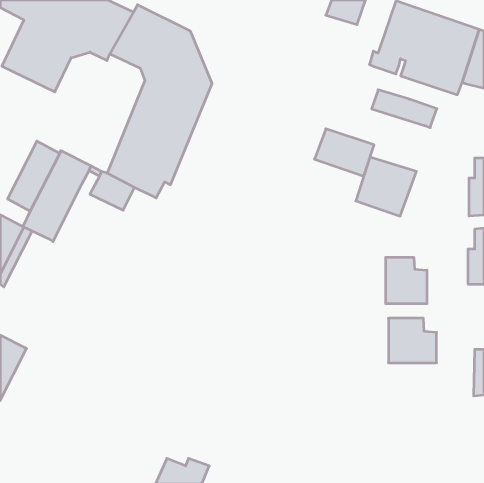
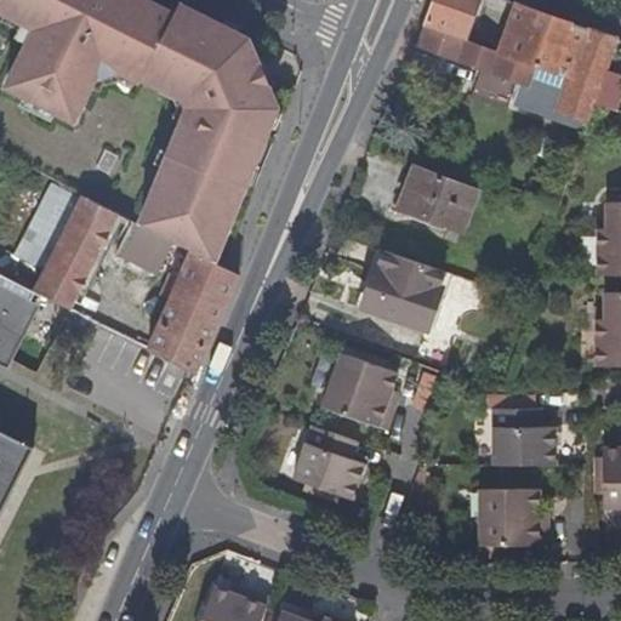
building: [372,90,437,128] -> [409,21,492,69]
building: [356,157,416,216] -> [365,251,443,326]
building: none -> [144,249,237,374]
building: [386,257,427,304] -> none
building: none -> [323,358,398,432]
building: none -> [294,427,364,501]
building: none -> [484,489,552,546]

